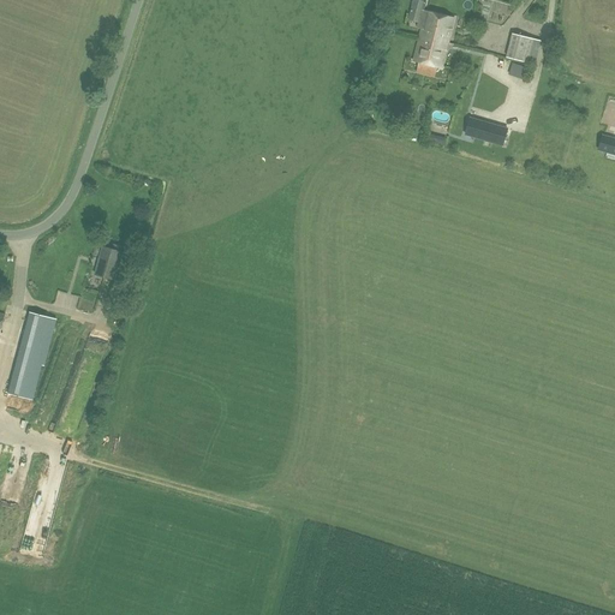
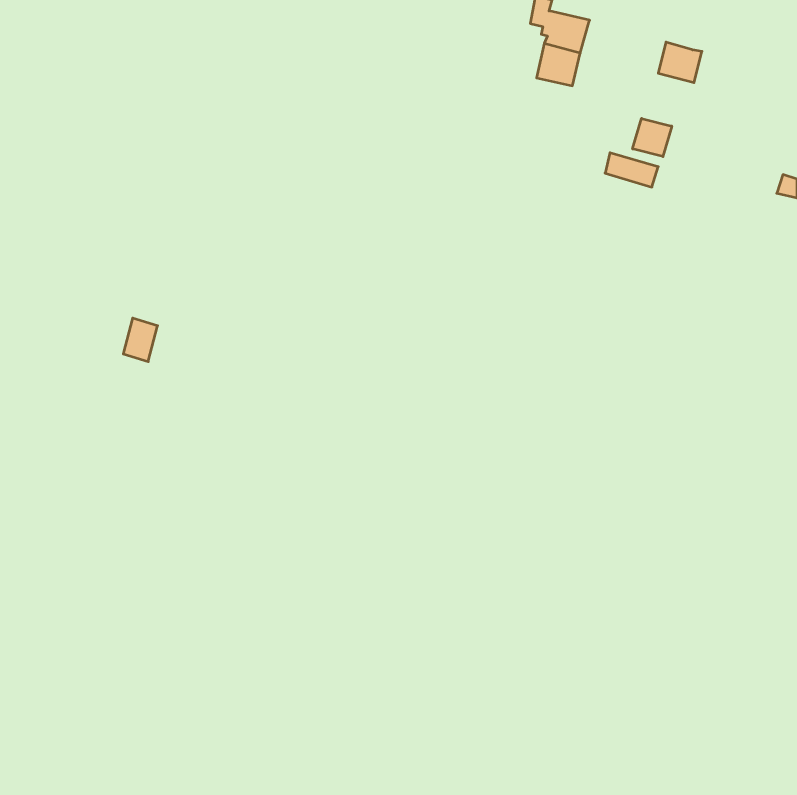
building: none -> [633,118,672,157]
building: [6,311,56,410] -> none

